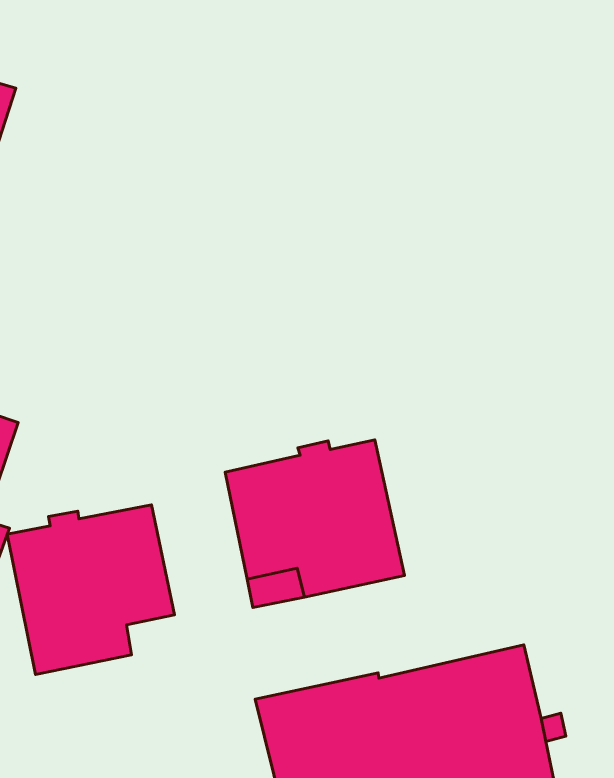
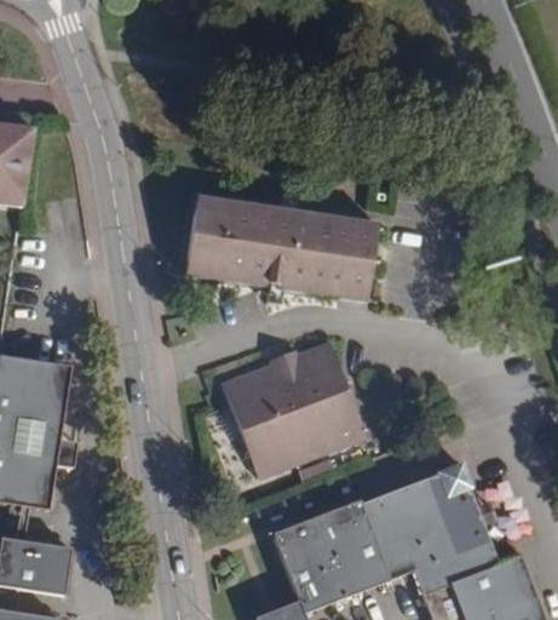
building: none -> [185,195,374,295]
building: [7,505,175,674] -> none

